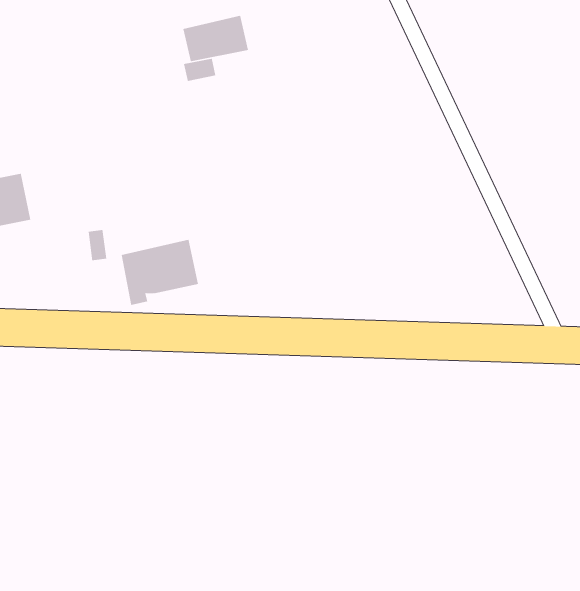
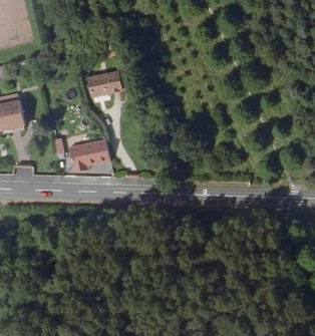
building: [183,15,249,62] -> [88,73,122,97]

